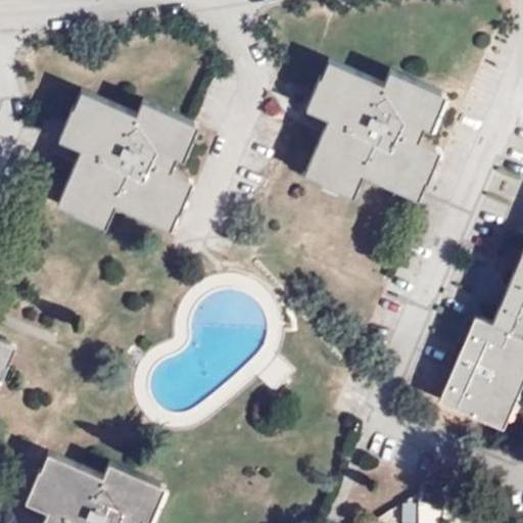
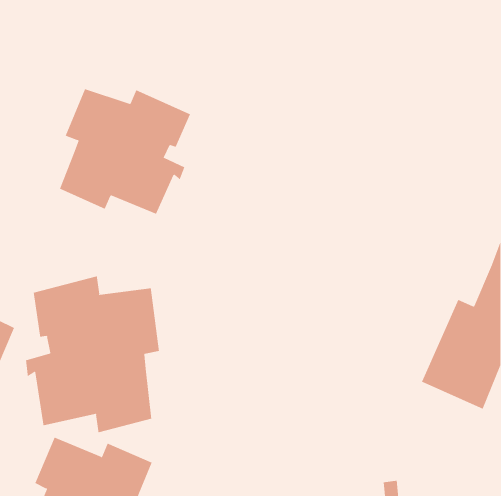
building: [304,61,445,200] -> none
building: none -> [26,276,160,433]

